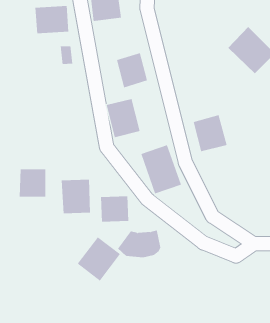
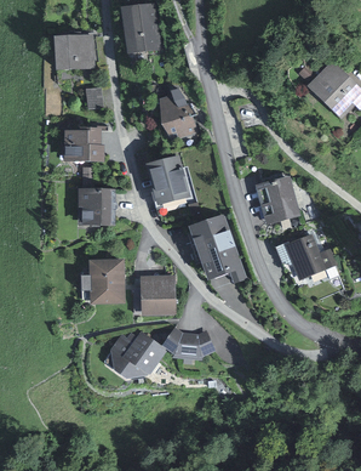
building: none -> [61,130,103,161]
building: none -> [281,231,327,283]
building: [19,169,46,197] -> [76,188,111,225]

